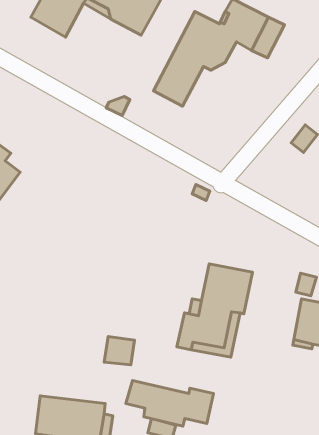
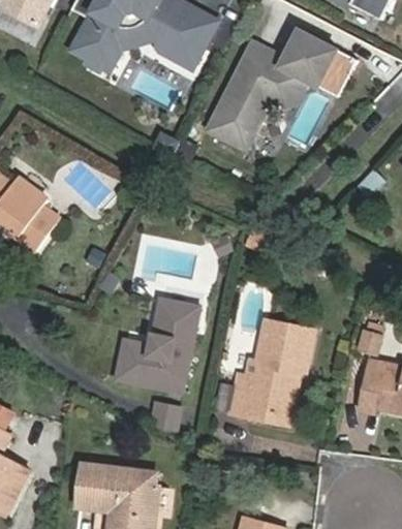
building: none -> [117,302,198,392]
building: [126,381,213,426] -> none

